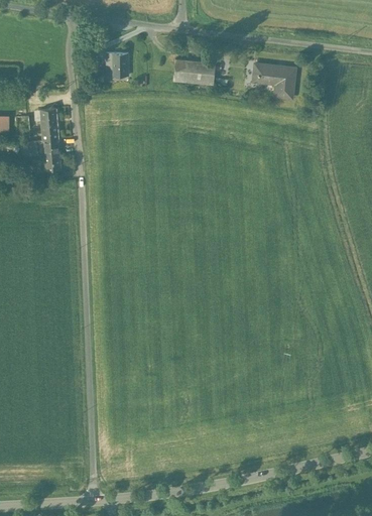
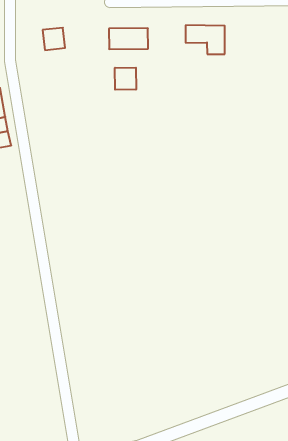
building: none -> [115,68,136,90]

